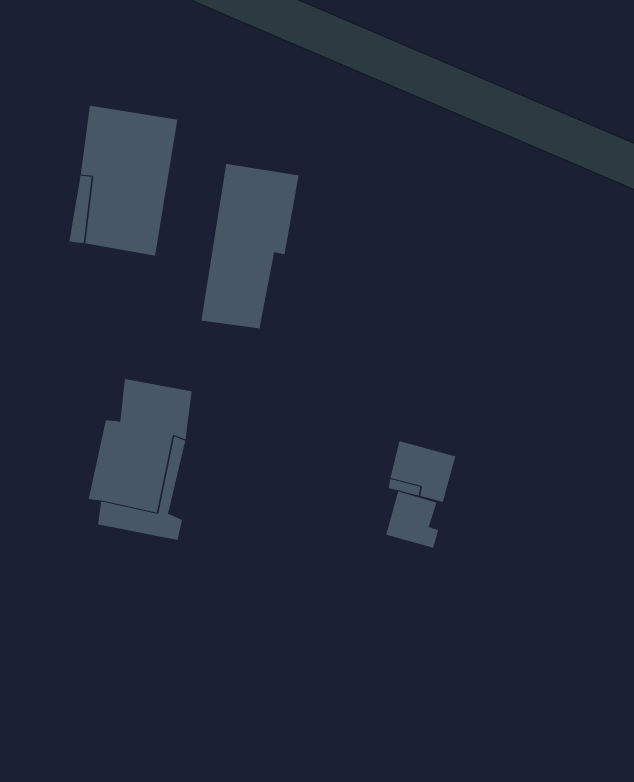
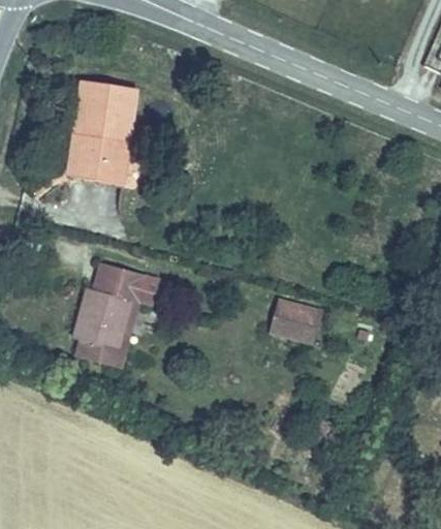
building: [201,163,299,329] -> none
building: [386,491,439,548] -> none

